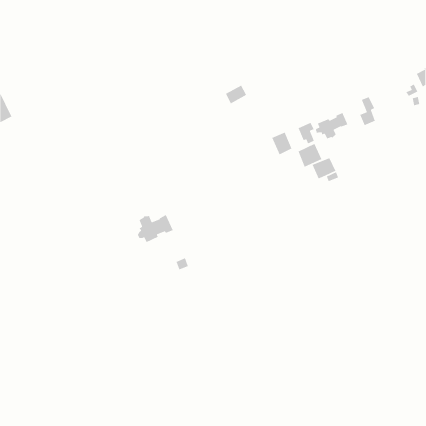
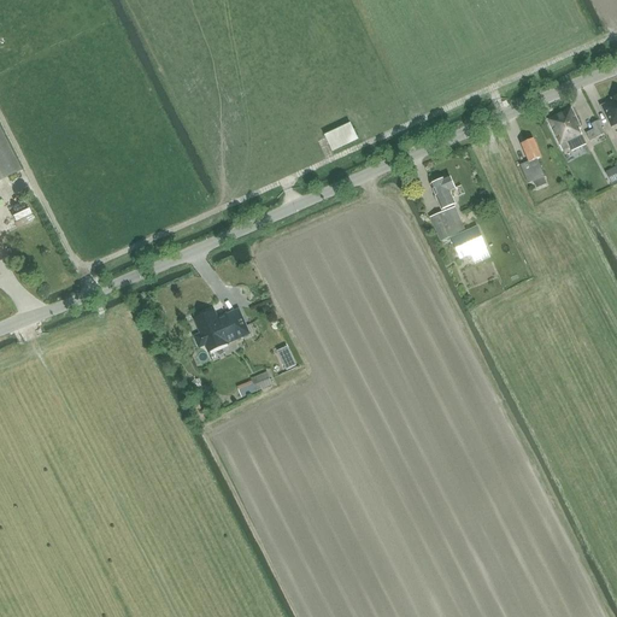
building: none -> [546,108,584,151]
building: [315,112,348,139] -> none
building: [271,131,293,156] -> none

